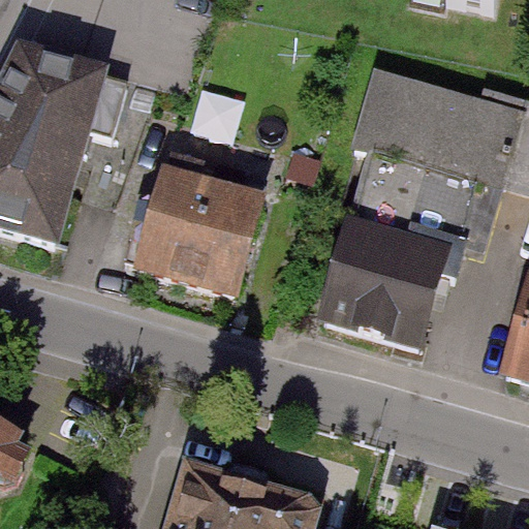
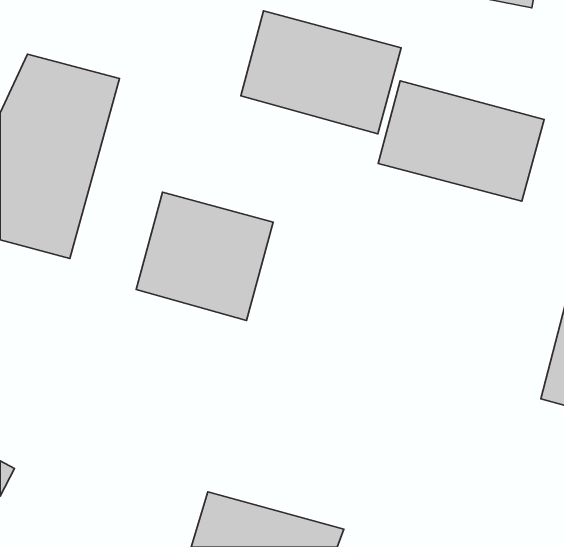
building: none -> [241,11,401,134]
building: [310,229,439,345] -> none

